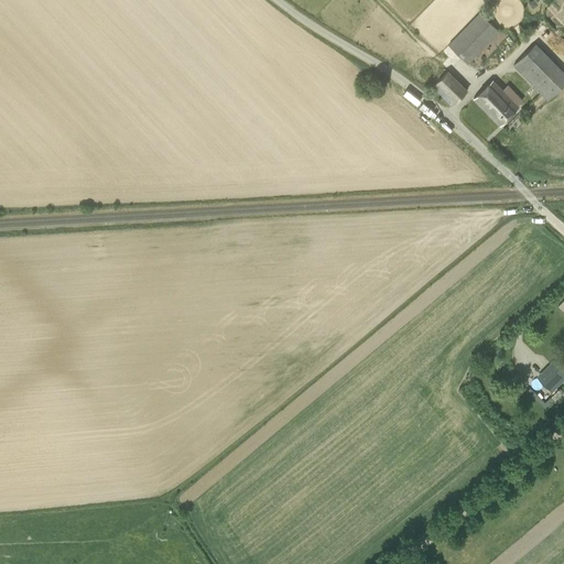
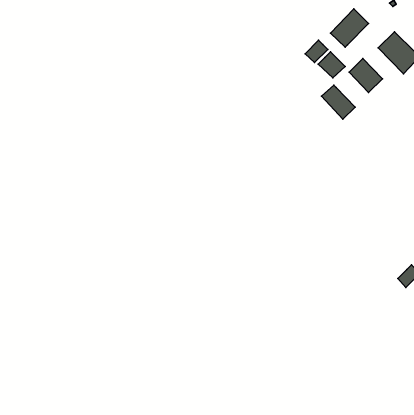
building: none -> [305,40,328,62]
building: none -> [322,85,355,119]

